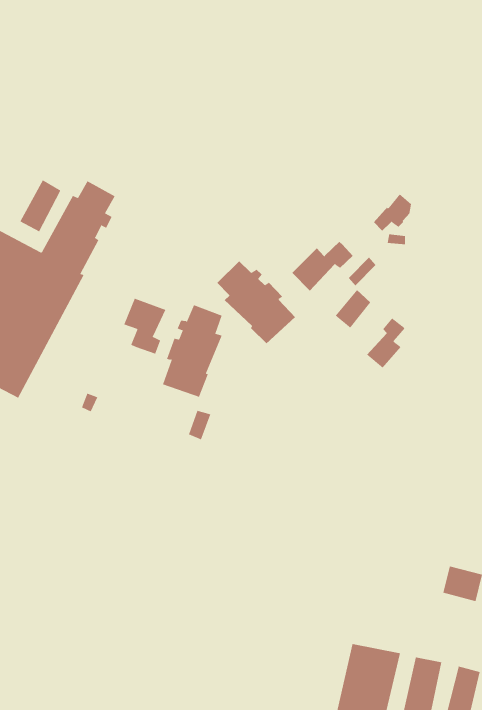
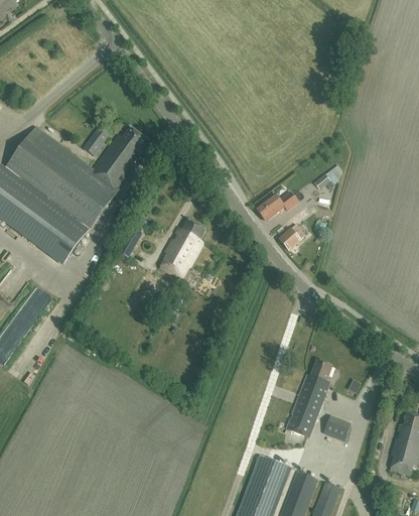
building: [217,261,296,344] -> none
building: [123,298,166,354] -> none
building: [366,318,405,369] -> none
building: none -> [285,360,331,437]

